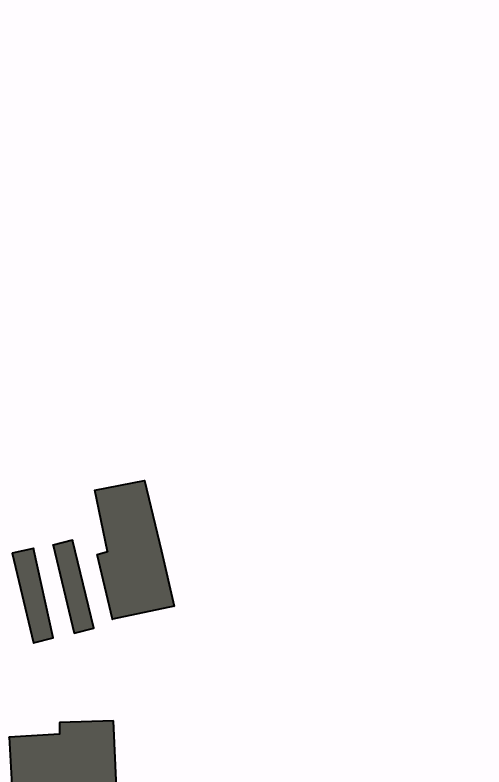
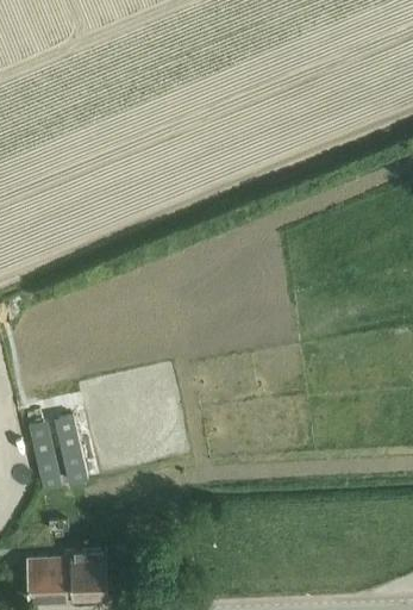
building: [95,481,174,619] -> none

